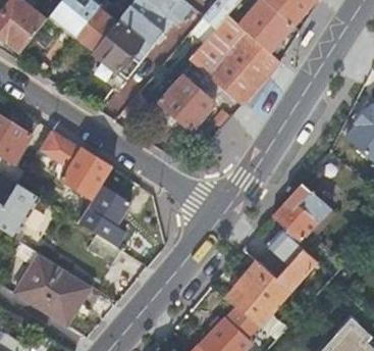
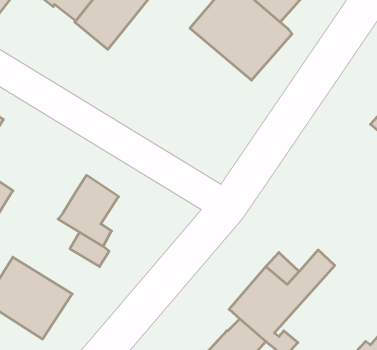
building: [161,77,216,131] -> none
building: [35,131,113,198] -> none
building: [273,184,329,240] -> none

